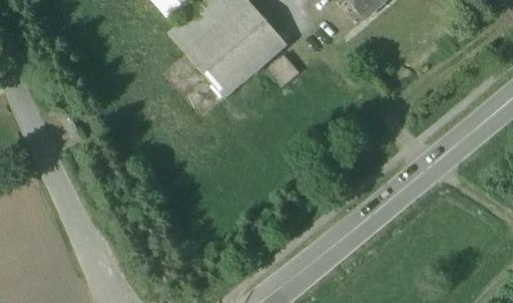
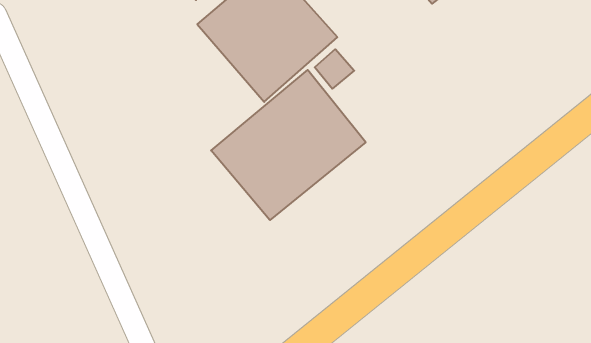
building: none -> [211,70,366,220]

